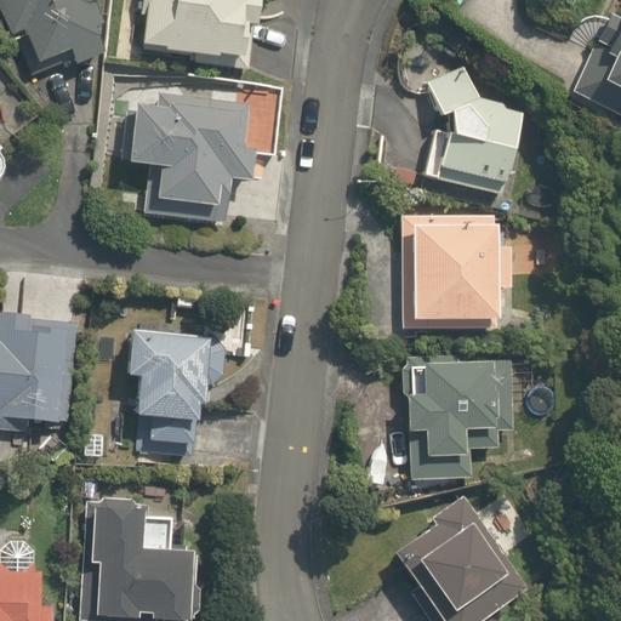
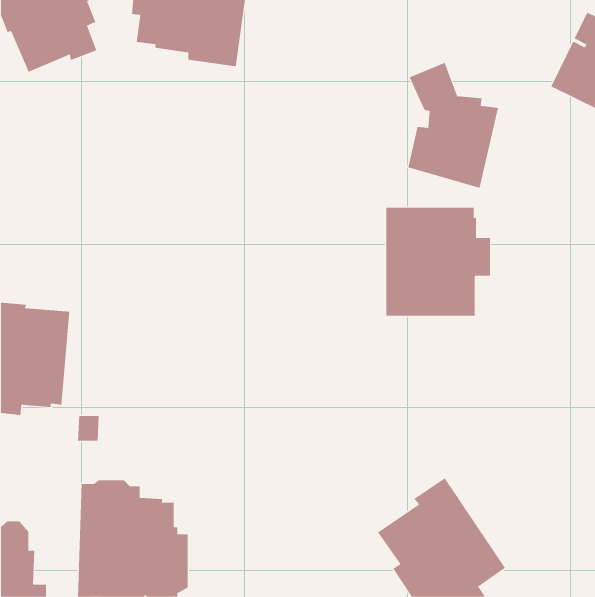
building: [121,93,255,221] -> none
building: [131,326,226,455] -> none
building: [403,355,514,479] -> none

